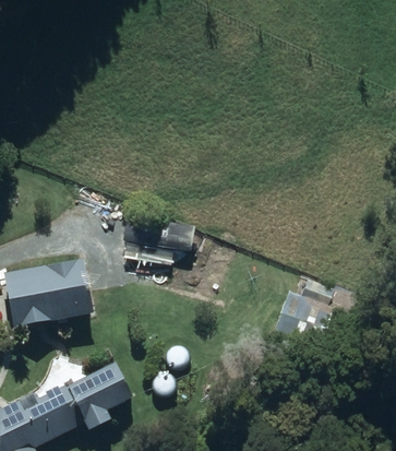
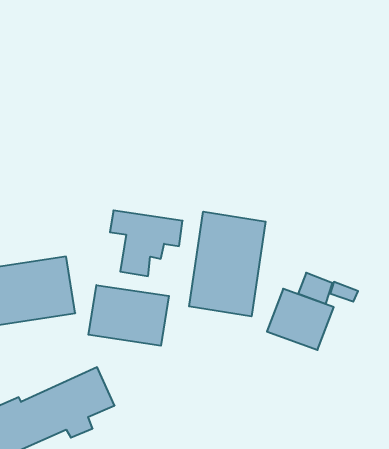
building: none -> [189,212,266,316]
building: none -> [88,285,169,346]

